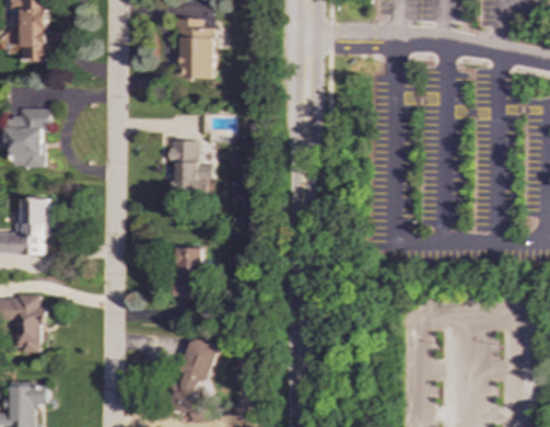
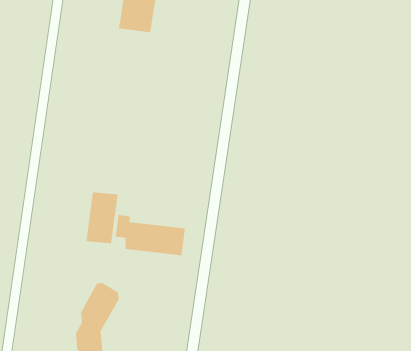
building: [169,139,211,194] -> none
building: none -> [115,214,186,256]

